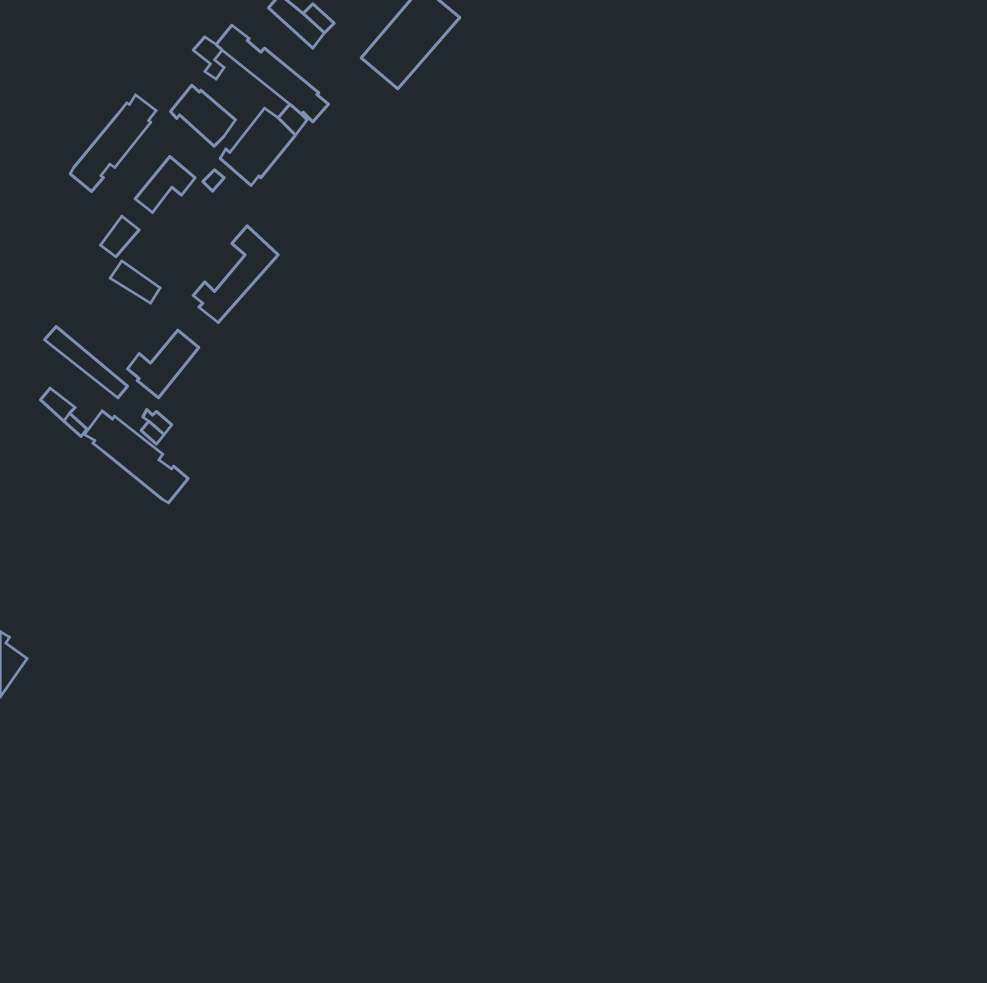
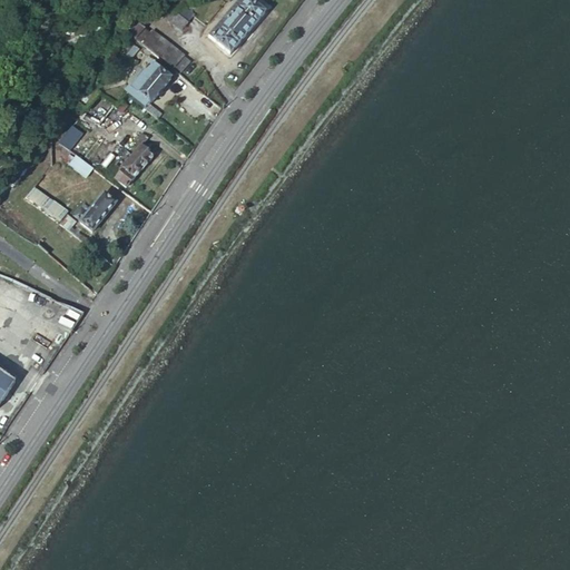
building: [171,85,235,146] -> none
building: [70,95,156,191] -> none
building: [84,411,188,503] -> none

